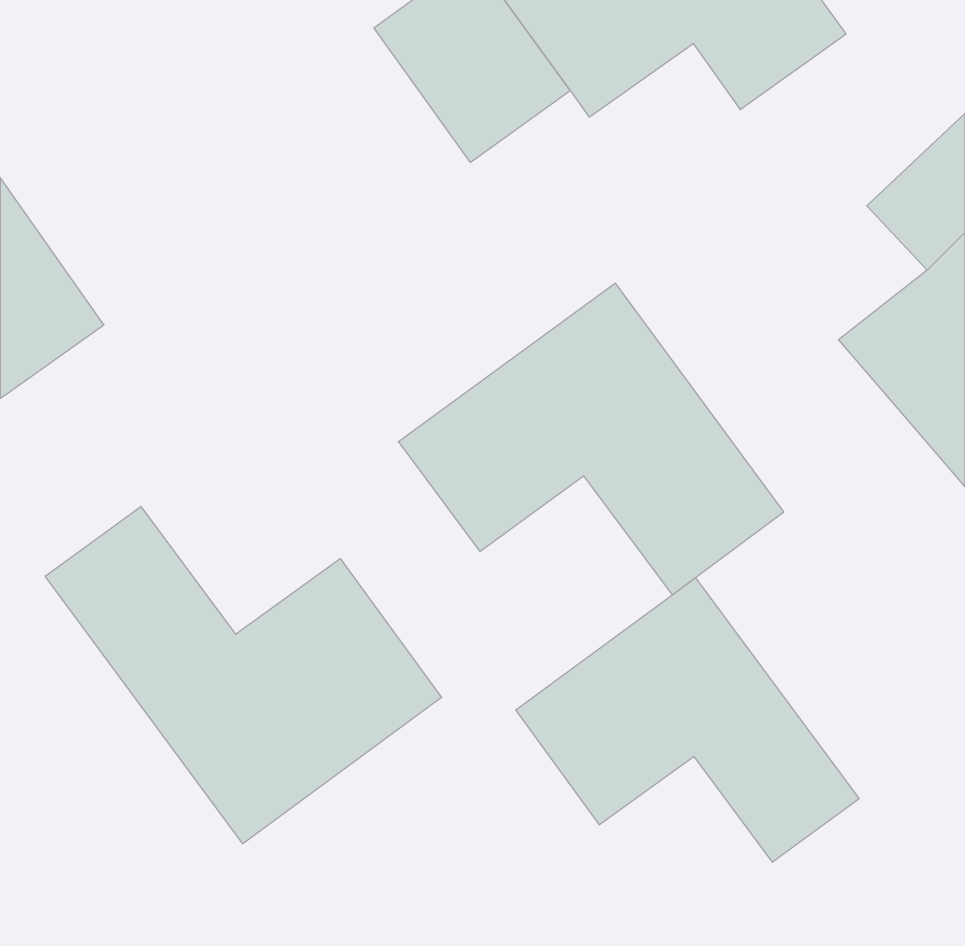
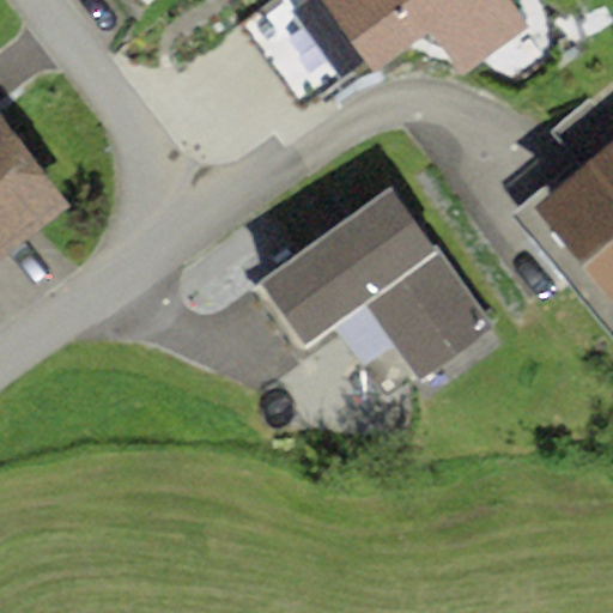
building: [45,506,441,844] -> none
building: [516,578,859,862] -> none

